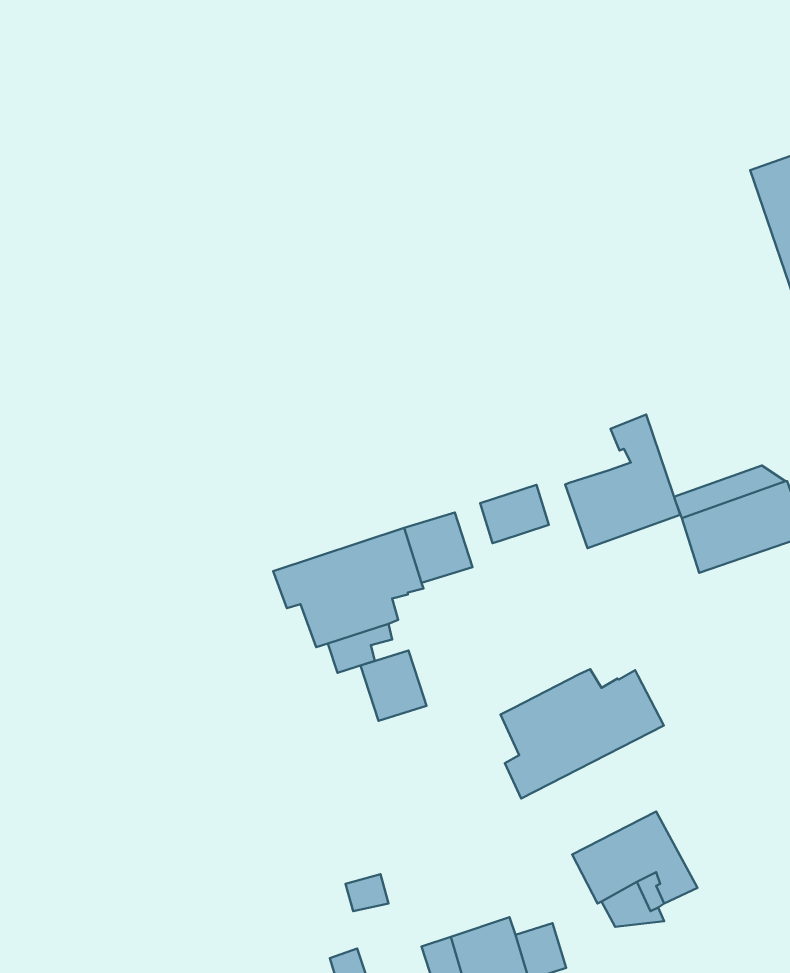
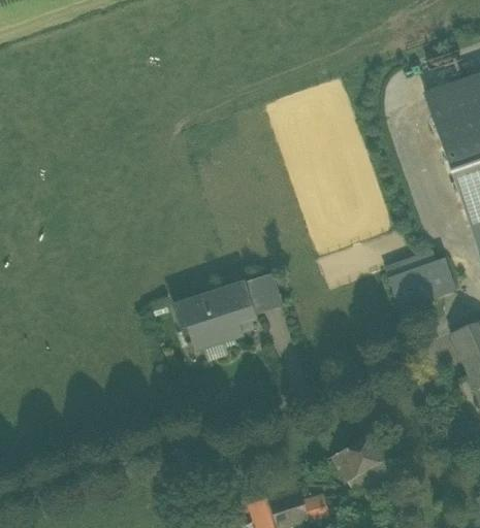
building: [565,414,680,548] -> none
building: [480,485,549,543] -> none
building: [361,650,426,721] -> none
building: [500,669,664,799] -> none

